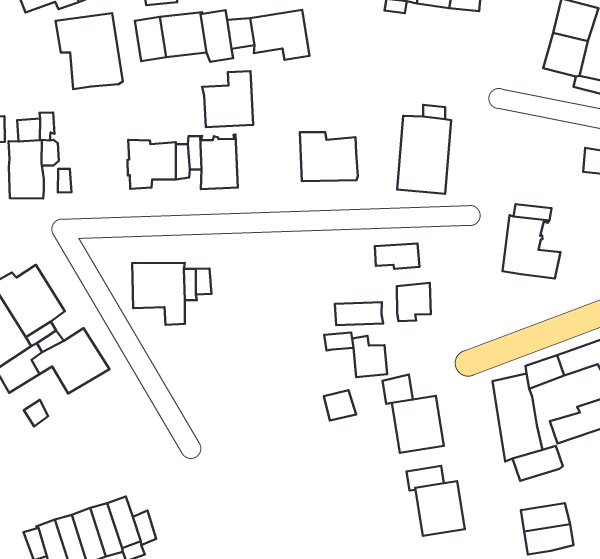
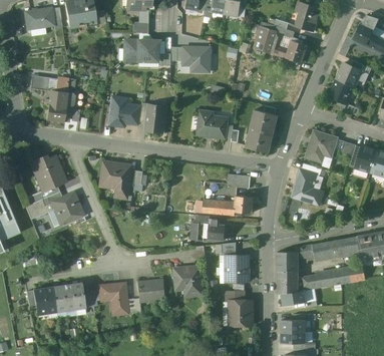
building: [56,13,123,89] -> none
building: [202,71,253,127] -> none
building: none -> [306,129,338,162]
building: none -> [174,267,203,296]
building: none -> [137,280,165,302]
building: none -> [100,283,127,314]

